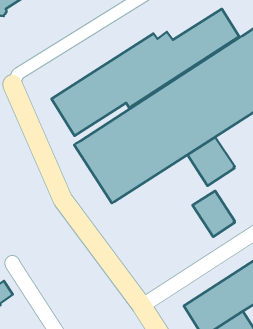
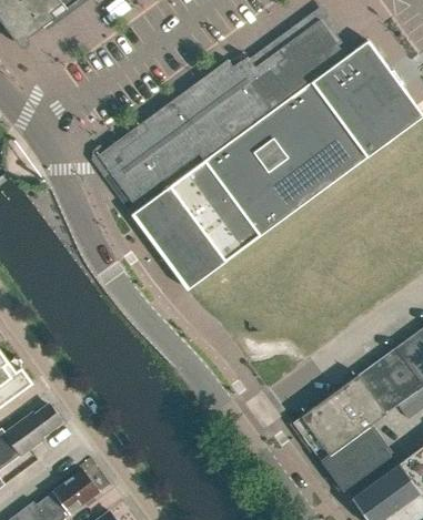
building: [187,137,235,186] -> none
building: [193,191,235,237] -> none

